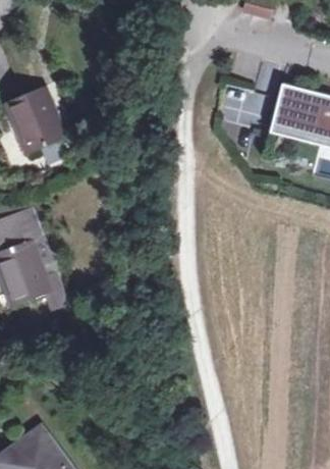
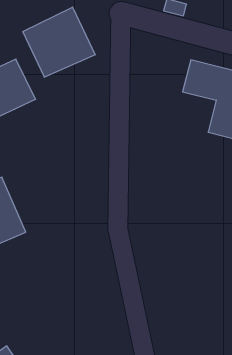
building: none -> [23,7,95,77]

